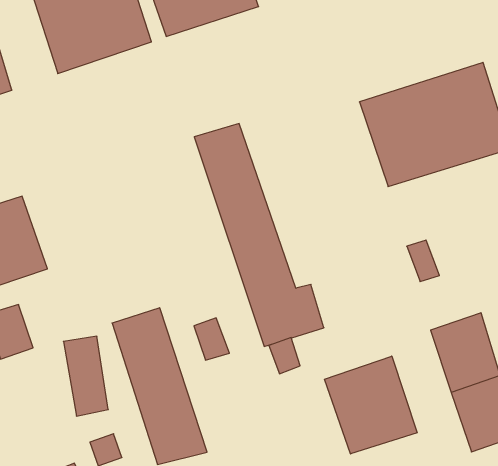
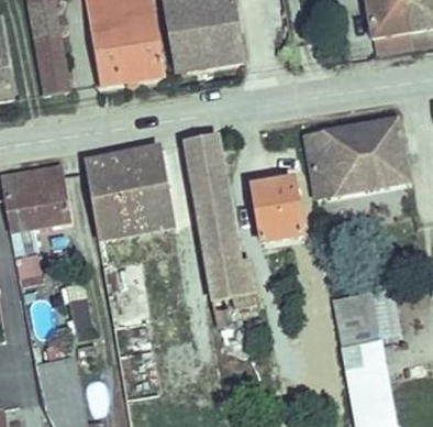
building: none -> [82,149,170,238]
building: none -> [253,174,306,240]
building: [325,356,417,454] -> none

